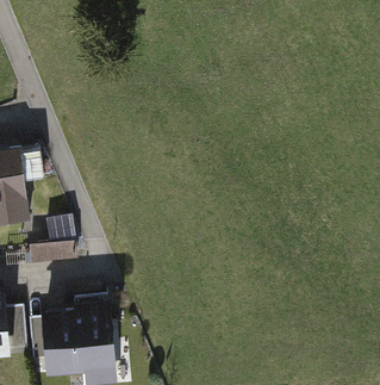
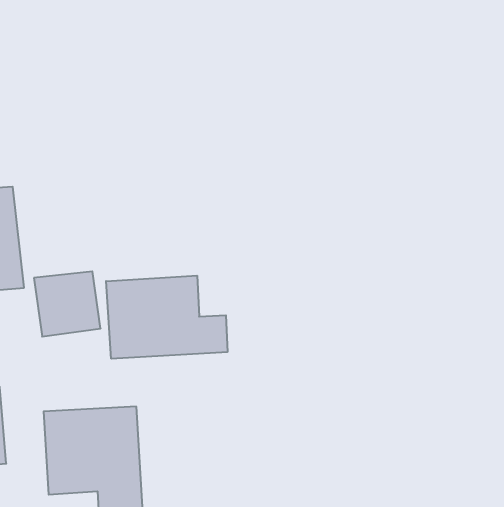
building: none -> [106,276,227,359]

